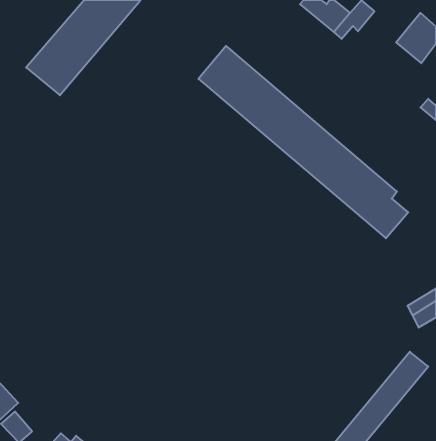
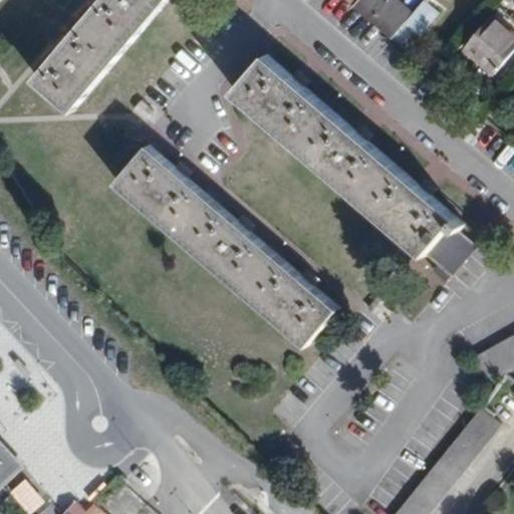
building: none -> [111,147,334,346]

